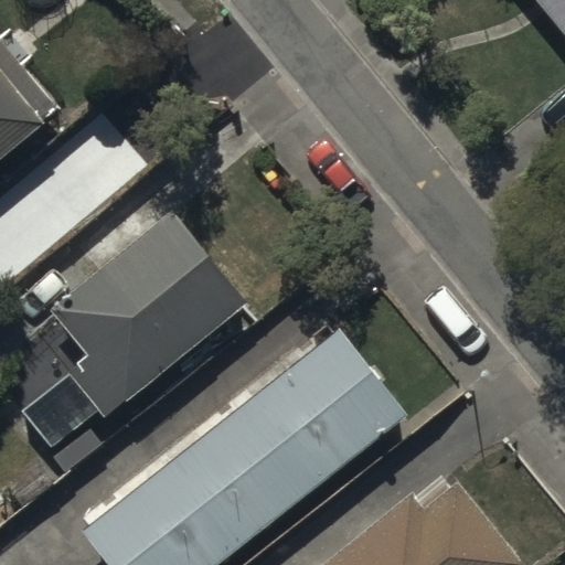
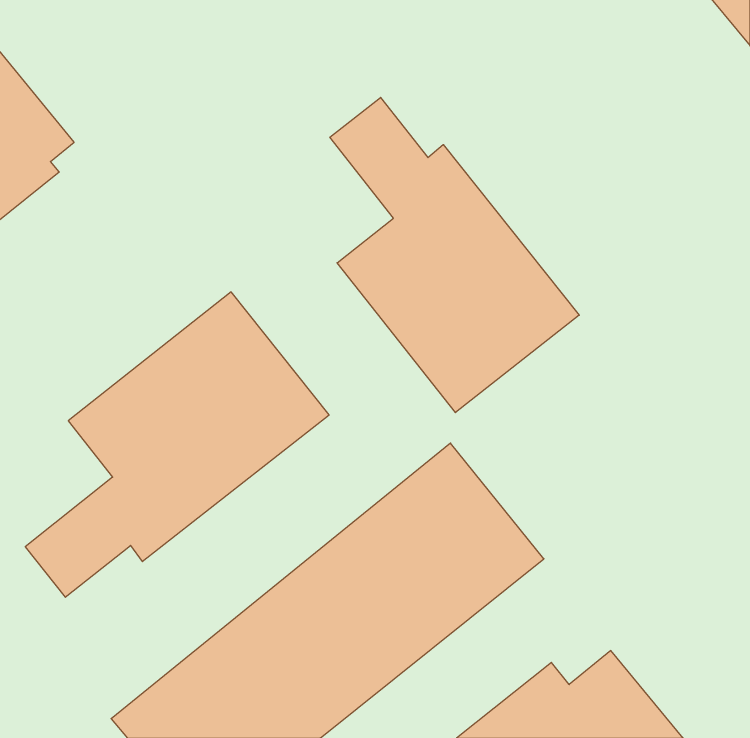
building: none -> [330,97,579,413]

